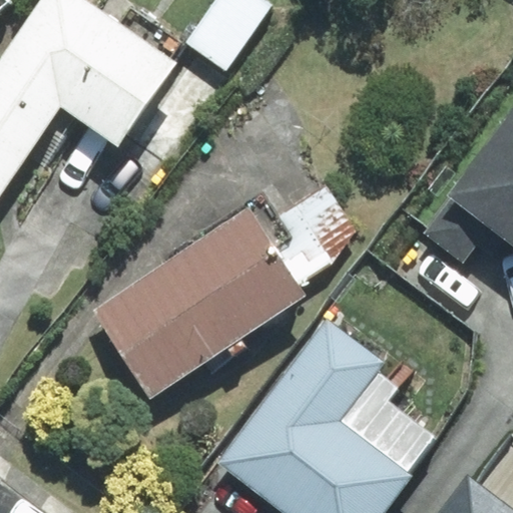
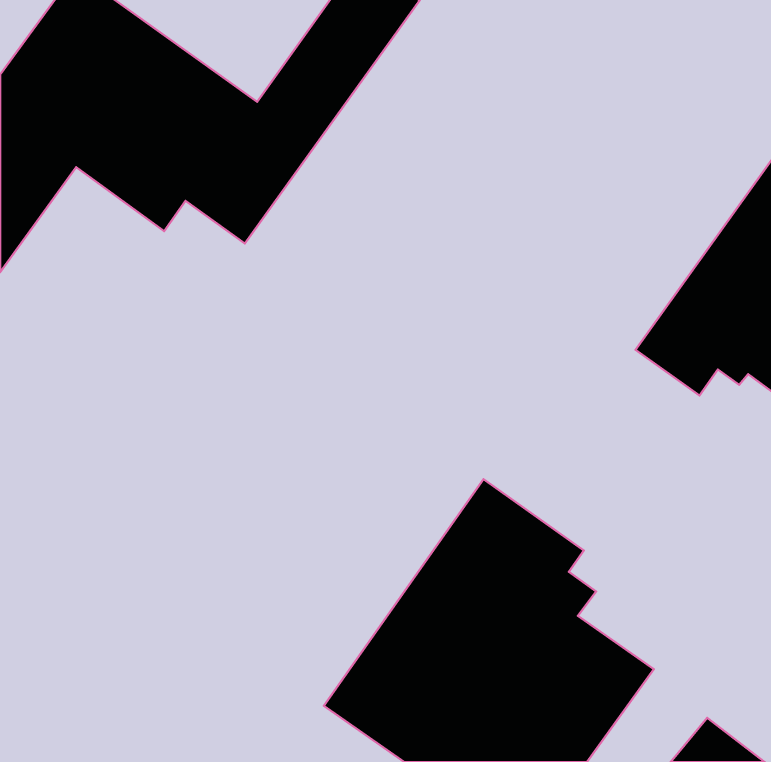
building: [91,208,306,398] -> none

